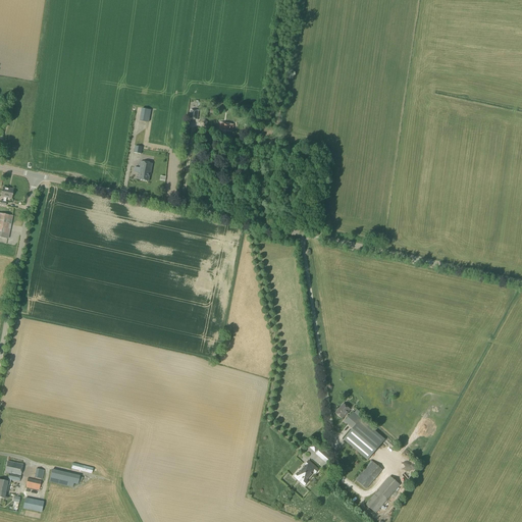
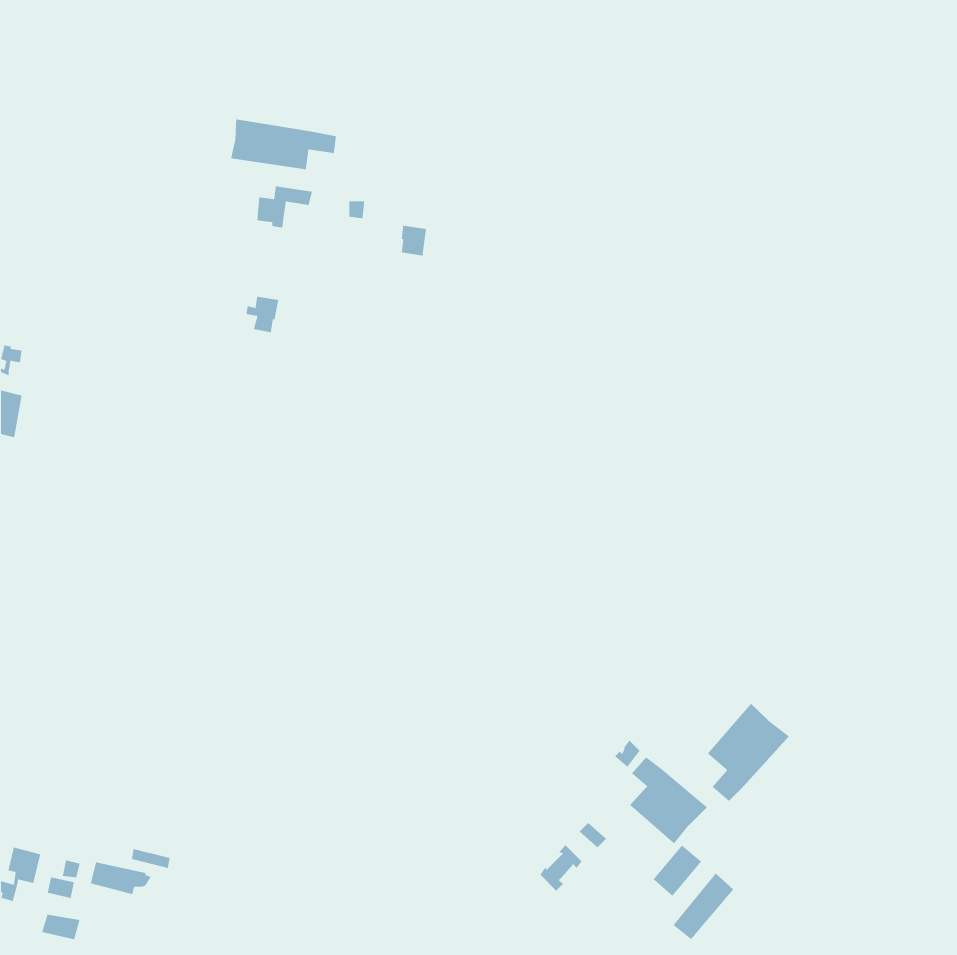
building: none -> [230,118,337,170]
building: none -> [707,703,790,802]

